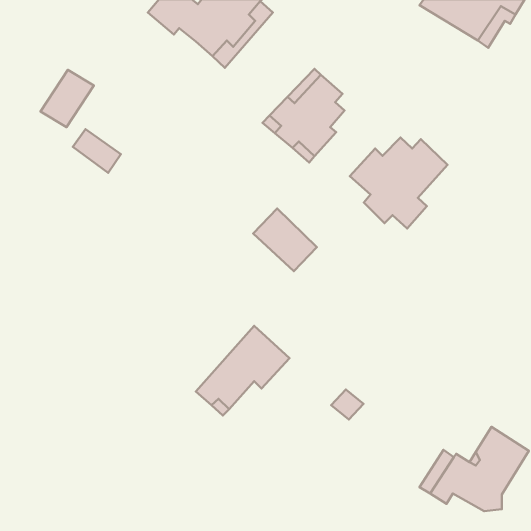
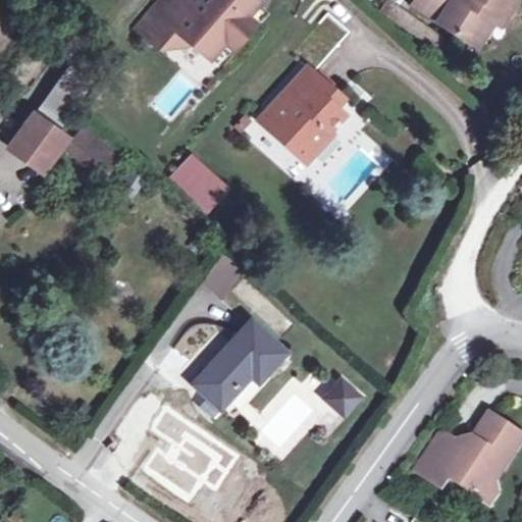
building: none -> [135,12,193,47]
building: none -> [12,115,63,166]
building: [350,137,447,229] -> none
building: [253,209,317,271] -> [170,151,232,212]

